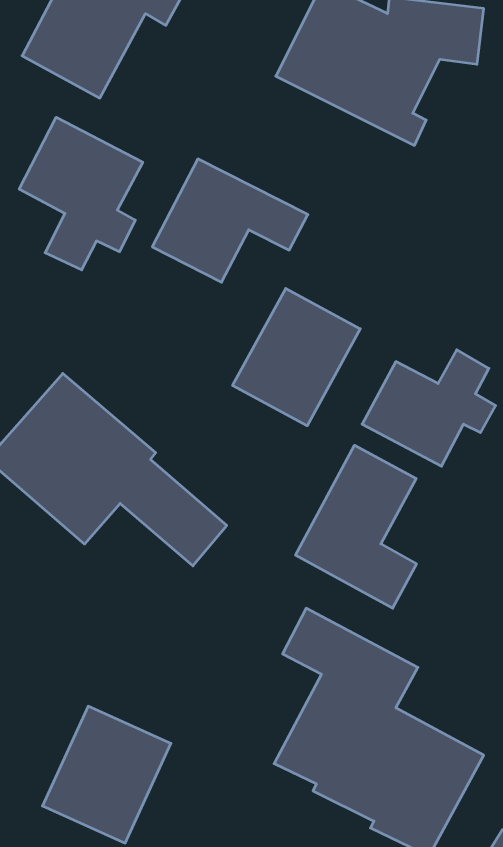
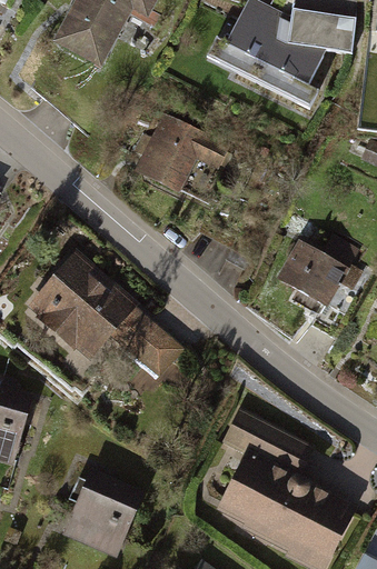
building: [19,117,143,270] -> none
building: [233,288,360,426] -> none
building: [296,445,416,608] -> none

